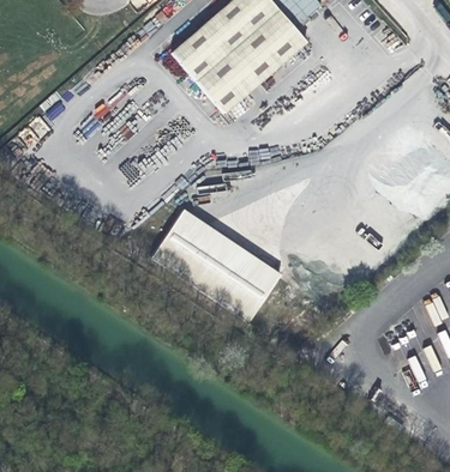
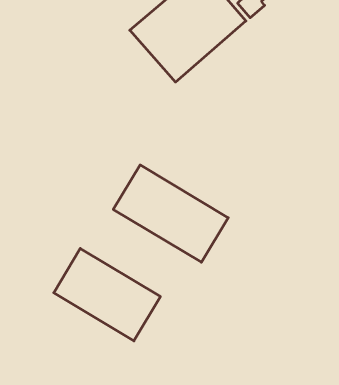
building: none -> [54,248,160,341]

